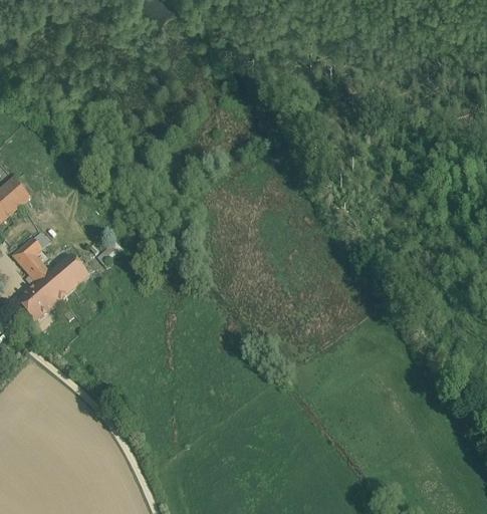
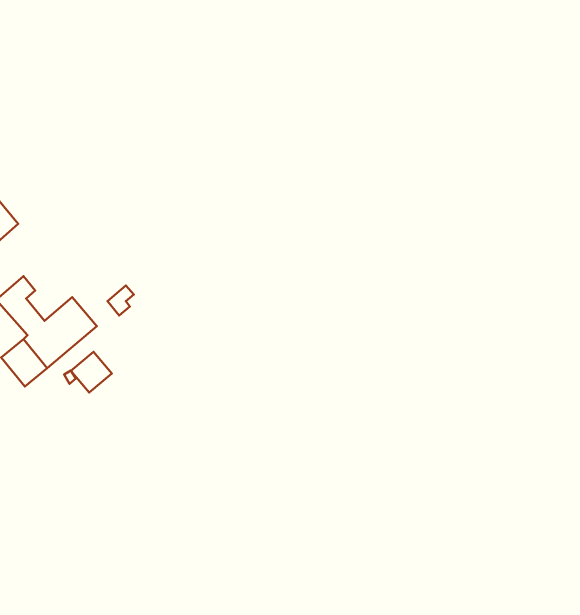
building: none -> [71,352,112,392]

